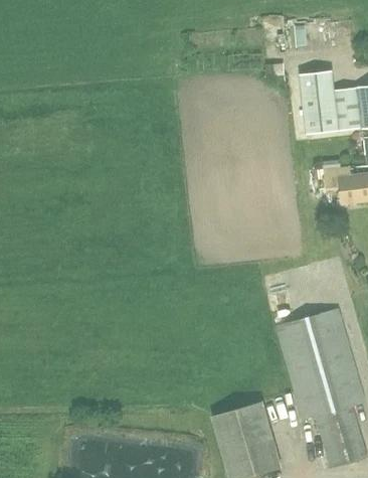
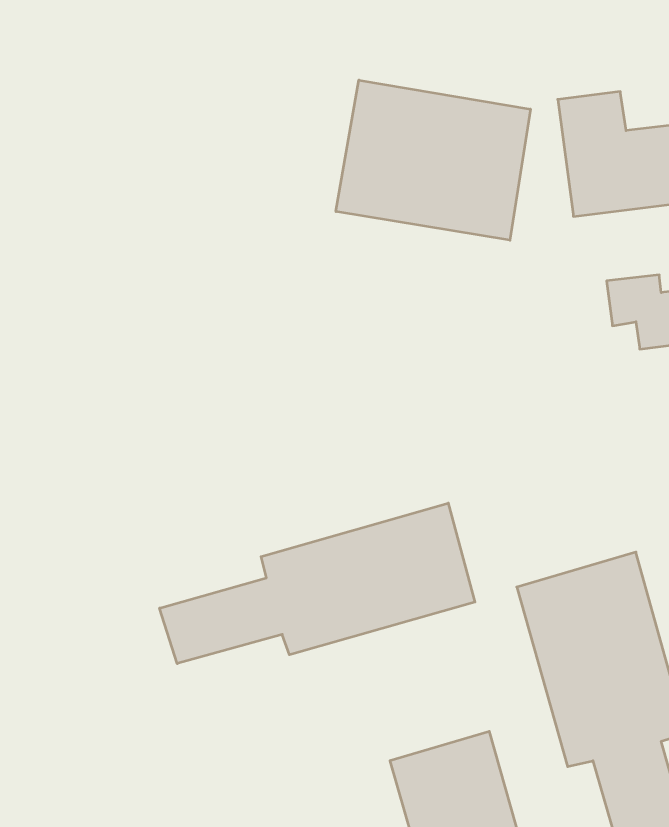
building: none -> [336,80,530,240]
building: none -> [160,503,475,664]

